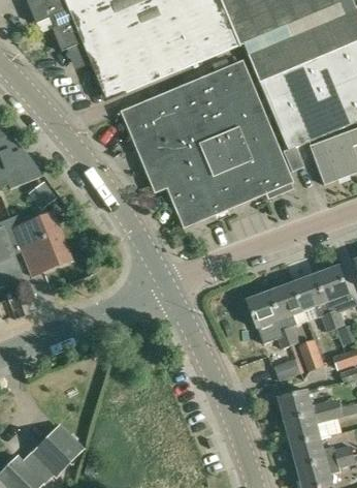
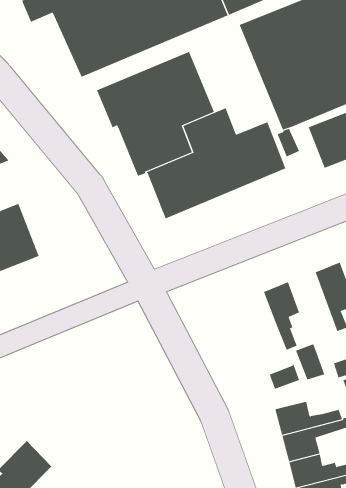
building: [204,60,274,150] -> none
building: [293,274,336,331] -> none
building: [248,292,291,347] -> none

